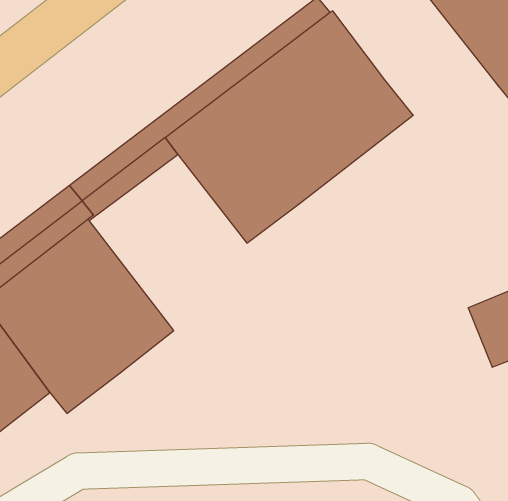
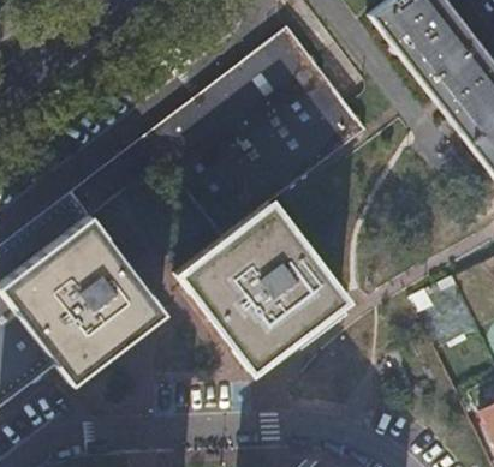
building: none -> [179,204,344,370]

